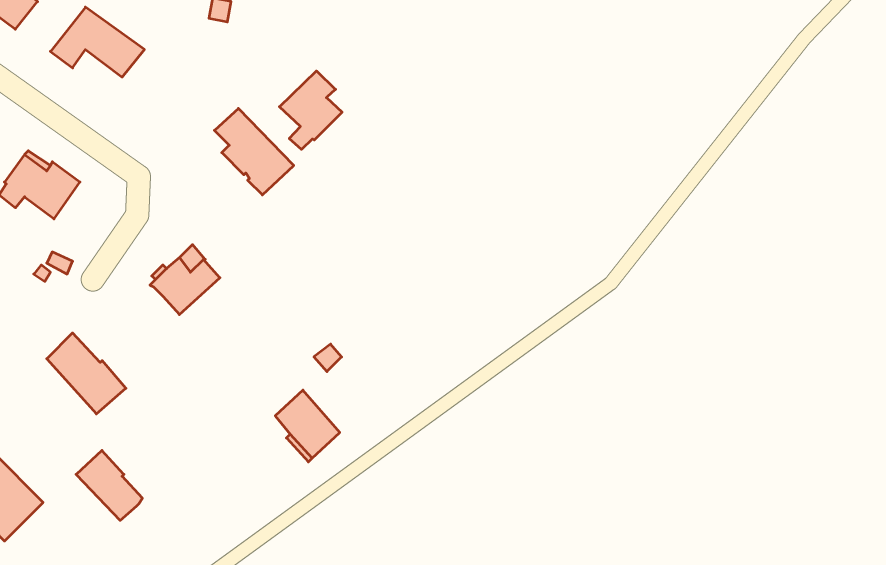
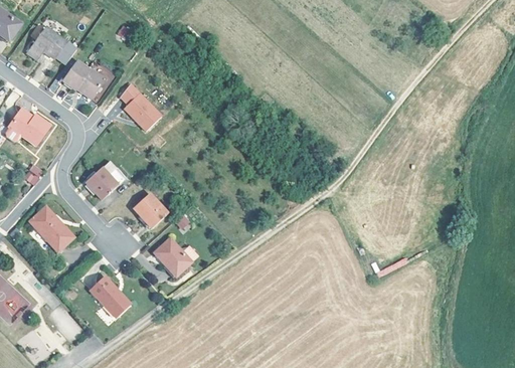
building: none -> [69,63,110,101]
building: [279,71,342,149] -> none
building: none -> [131,194,165,228]
building: [76,450,142,520] -> [90,277,126,315]

